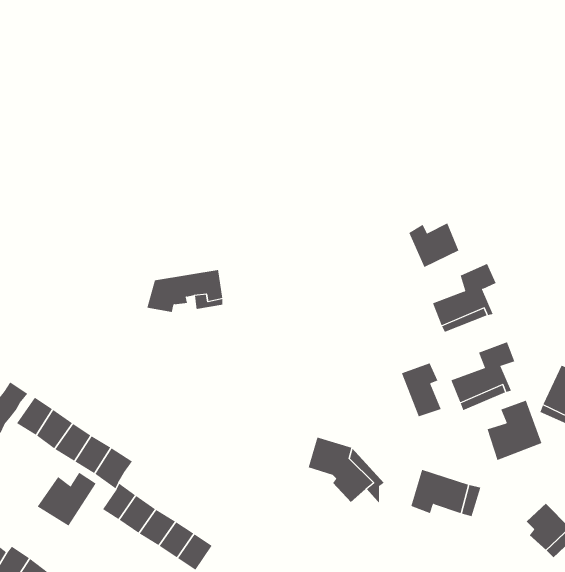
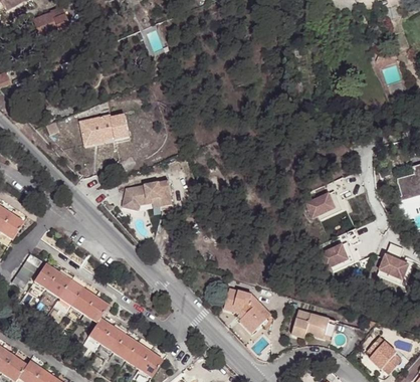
building: none -> [34,8,63,34]
building: none -> [74,115,125,148]
building: [408,223,459,268] -> none
building: [401,362,441,417] -> none
building: [487,400,542,461] -> none
building: [37,472,97,526] -> none

